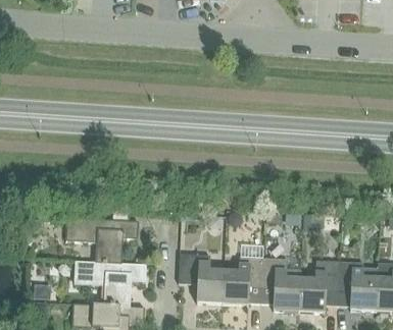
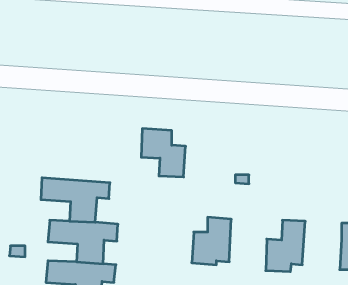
building: [178,254,224,304] -> [141,129,186,177]
building: [260,259,299,312] -> none
building: [336,261,377,311] -> none

